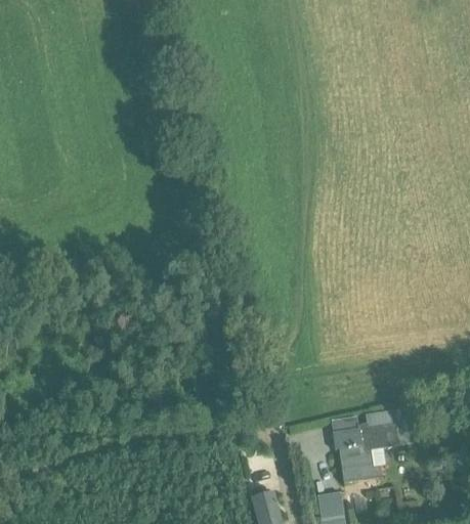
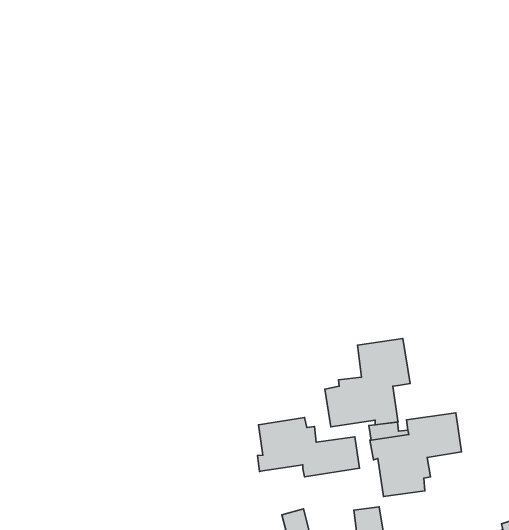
building: none -> [325,338,410,427]
building: none -> [258,417,360,477]

